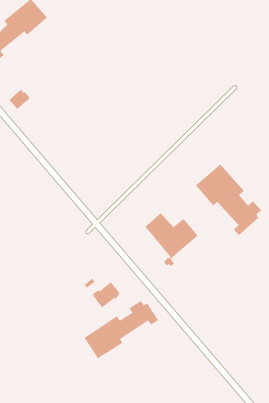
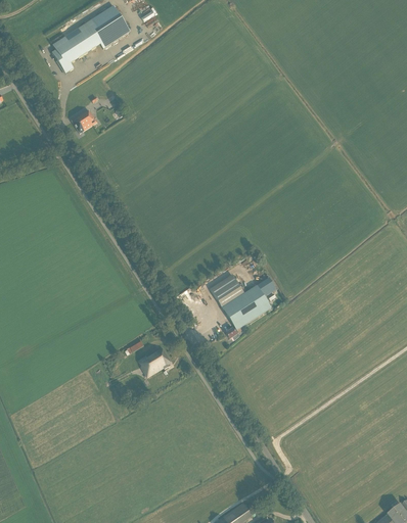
building: [195,163,262,236] -> none
building: [84,300,159,359] -> none

